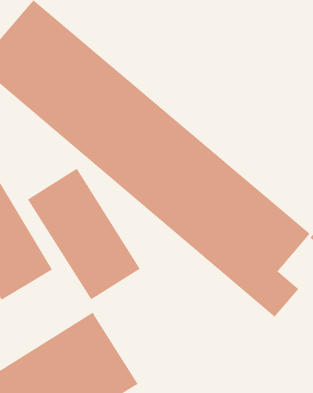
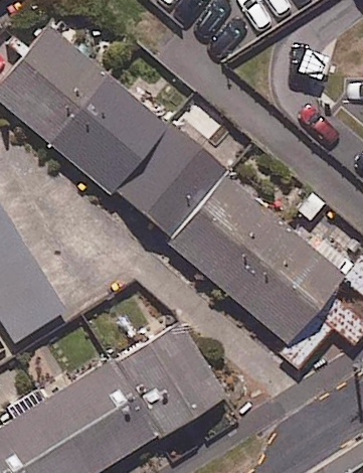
building: [27,168,141,300] -> none
building: none -> [115,320,227,435]

